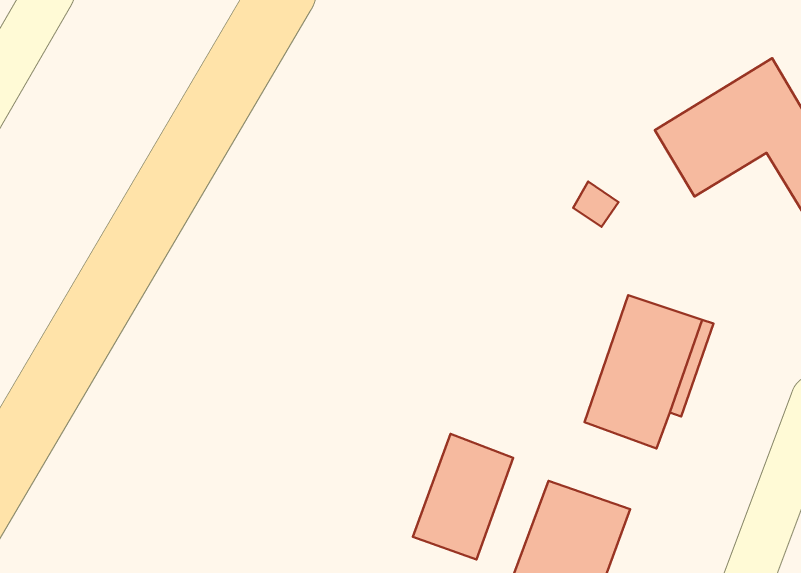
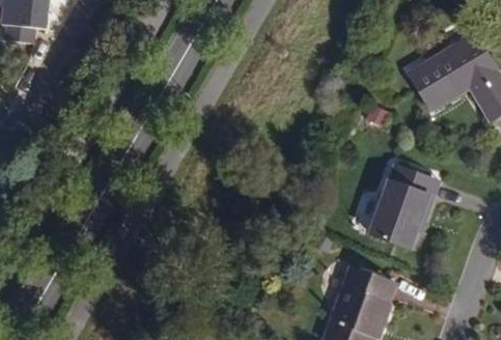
building: [413,434,513,560] -> none

